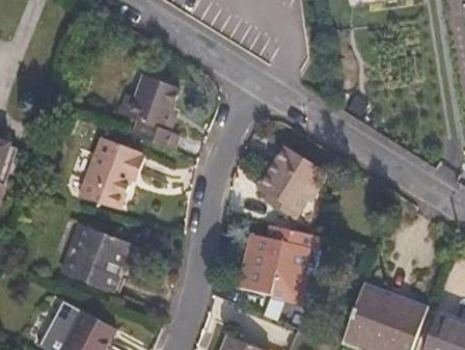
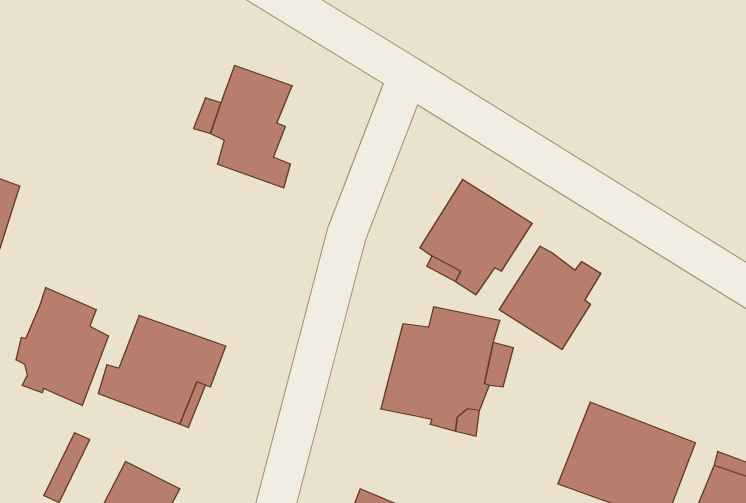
building: [84,137,145,198] -> none
building: none -> [499,246,601,349]
building: none -> [16,287,108,406]

